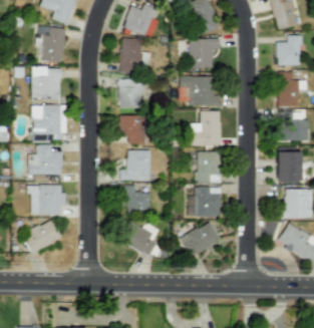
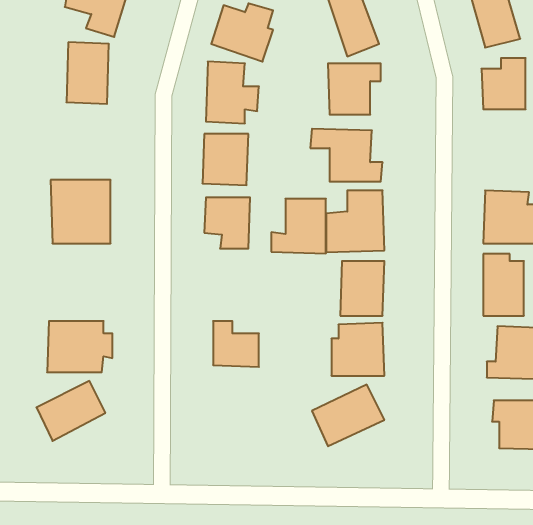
building: [32,66,61,97] -> none
building: [277,71,301,107] -> none
building: [29,143,63,175] -> none
building: [119,149,150,181] -> [271,199,326,253]
building: [119,221,160,256] -> none

